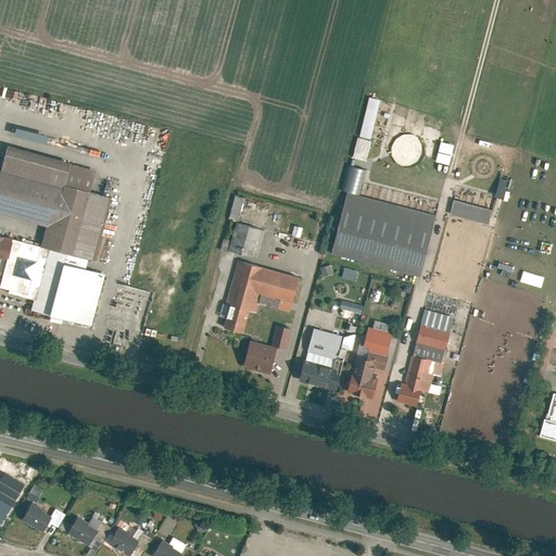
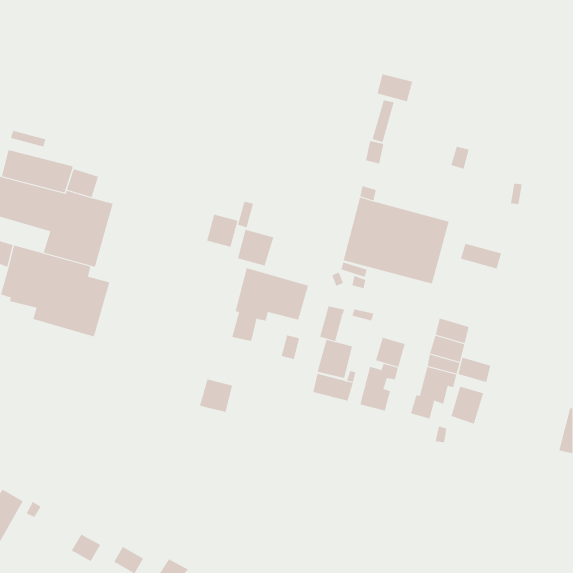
building: none -> [377,74,413,102]
building: [451,200,491,225] -> [460,243,502,269]
building: none -> [206,214,238,248]
building: none -> [319,305,345,342]
building: [243,341,276,374] -> [199,379,233,412]
building: none -> [458,357,491,383]
building: none -> [451,386,484,425]
building: [23,504,52,532] -> none

